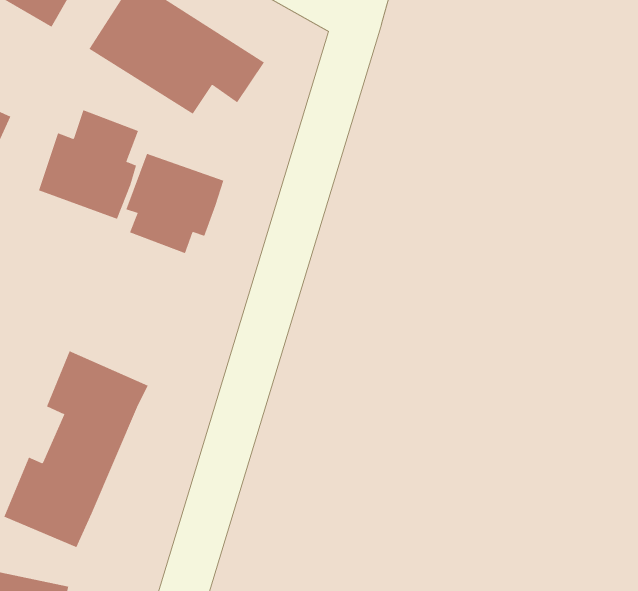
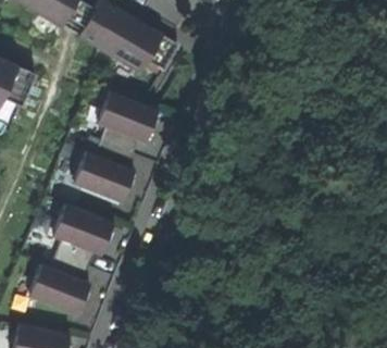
building: [38,109,139,220] -> [75,140,132,202]

